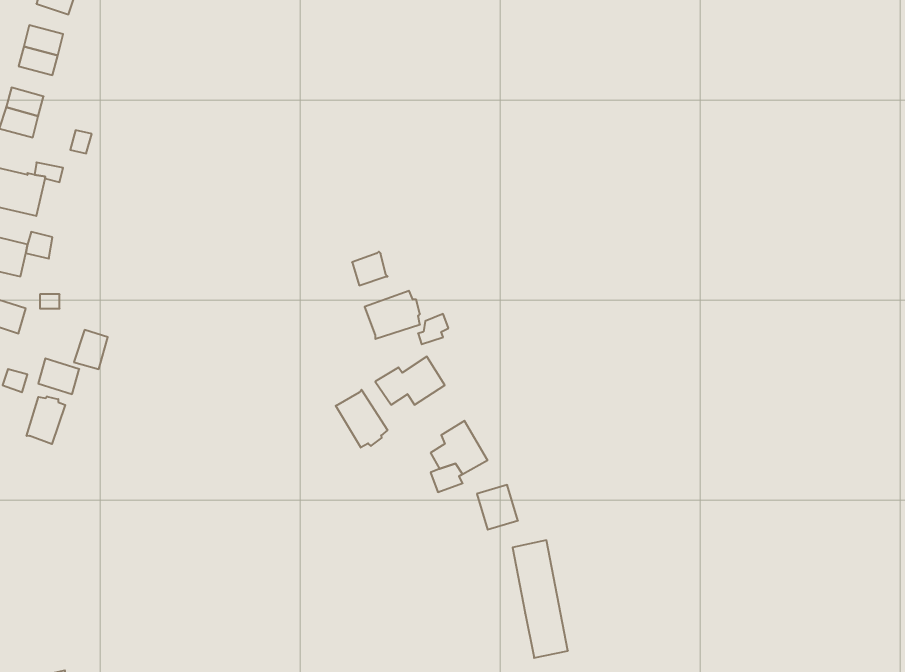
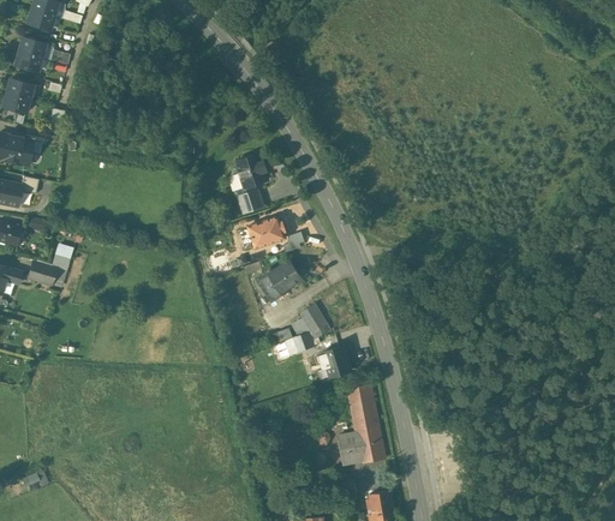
building: none -> [235,155,267,187]
building: [336,390,387,448] -> none
building: [27,396,65,444] -> none
building: none -> [338,433,362,466]

